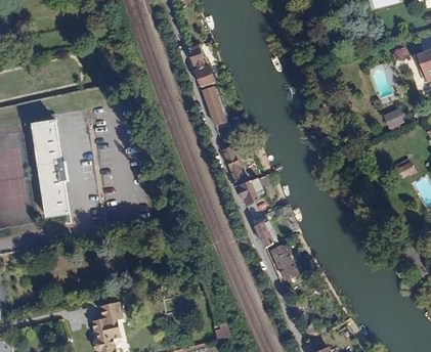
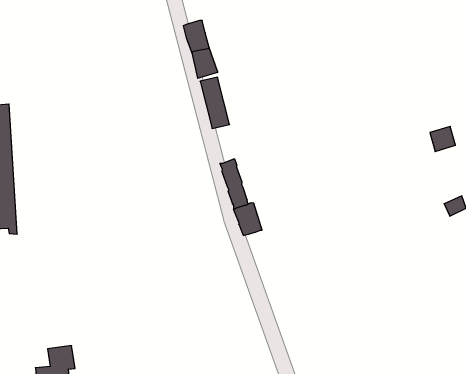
building: [253,220,277,247] -> none
building: [269,243,299,280] -> none

